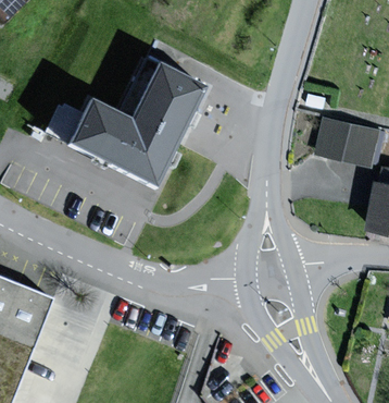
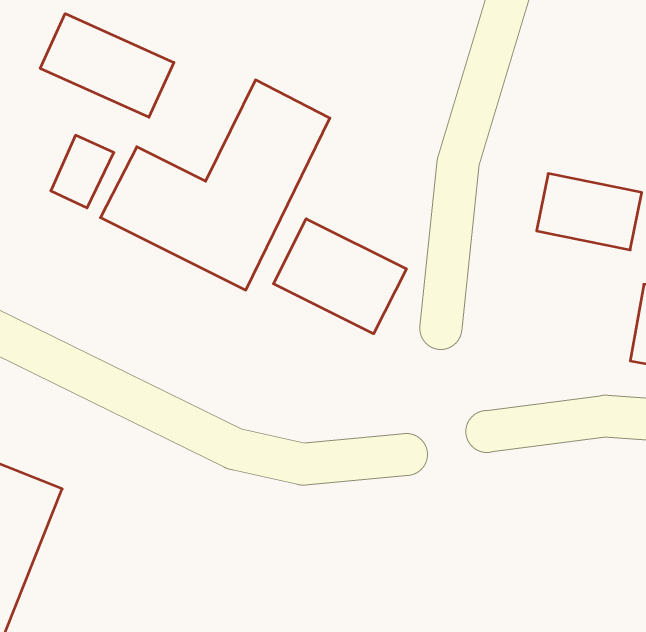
building: none -> [40,14,174,117]
building: none -> [273,219,406,334]

